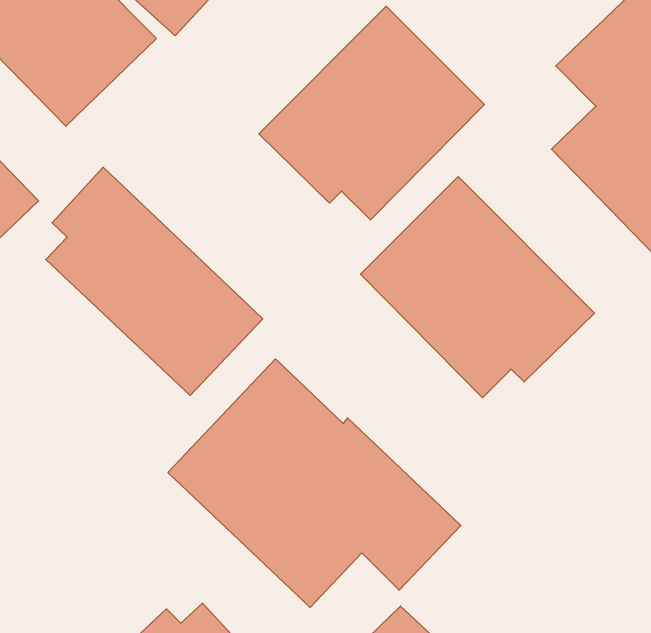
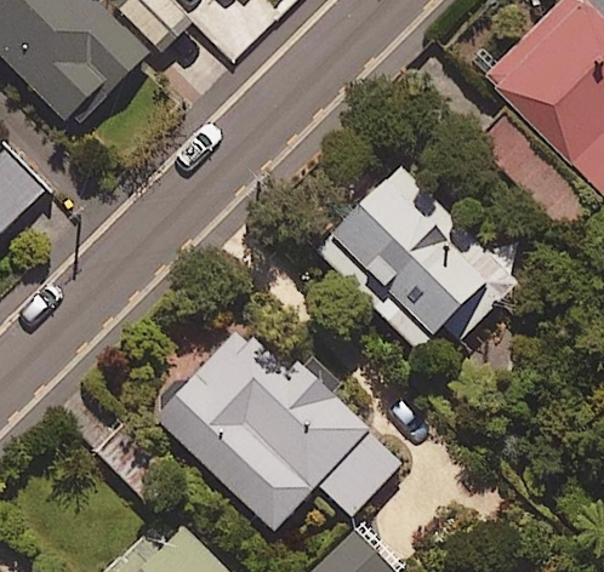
building: [259,6,484,220] -> none
building: [46,167,263,395] -> none

